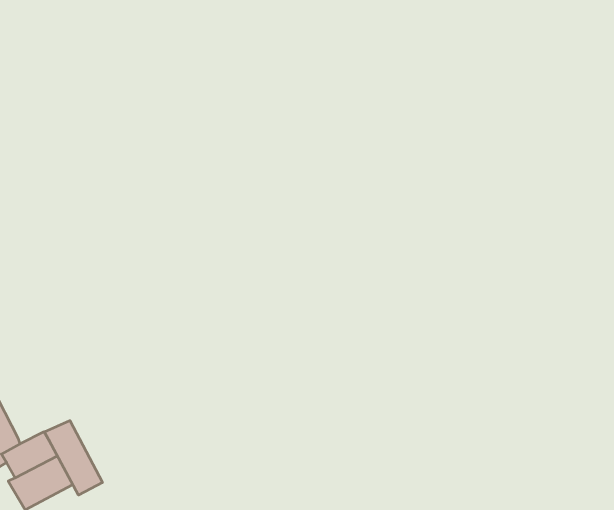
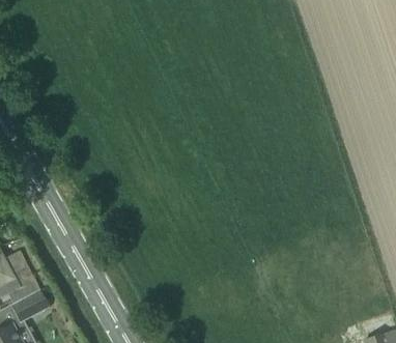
building: [45,421,102,495] -> none

